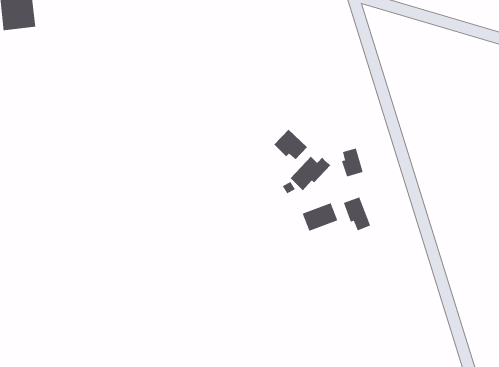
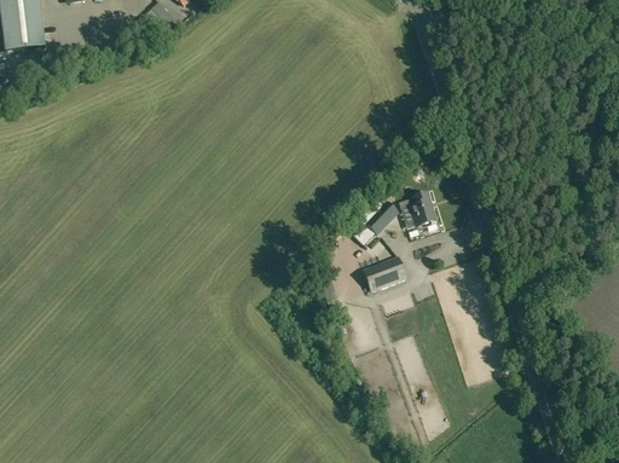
building: [274,129,308,160] -> none
building: [343,196,371,231] -> none

